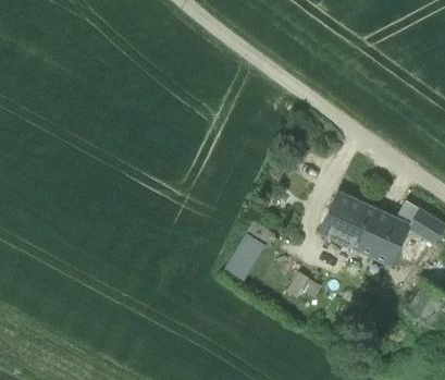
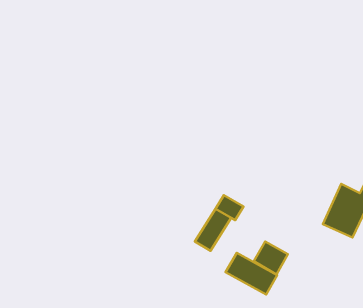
building: [319,192,380,253] -> none
building: none -> [226,253,277,294]

